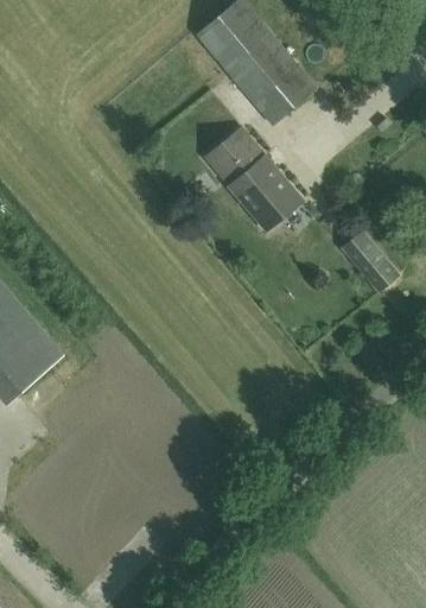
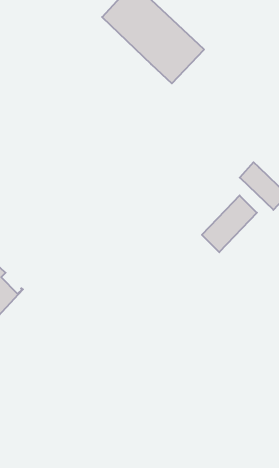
building: [204,126,301,230] -> none
building: none -> [202,195,257,252]

